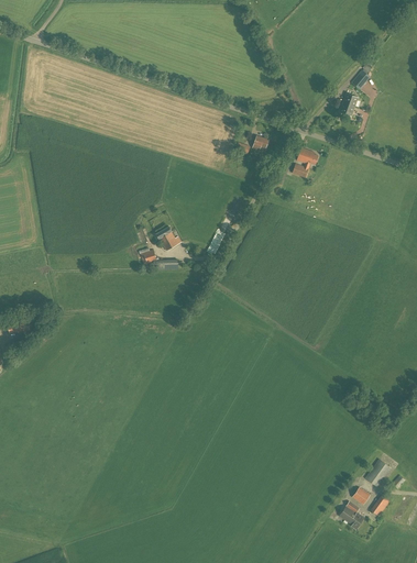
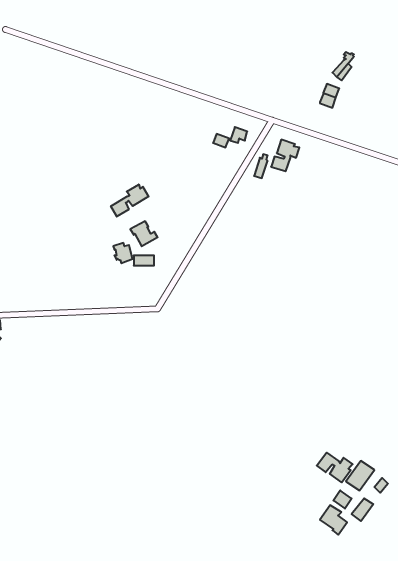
building: none -> [111,184,149,217]
building: none -> [317,453,353,482]

